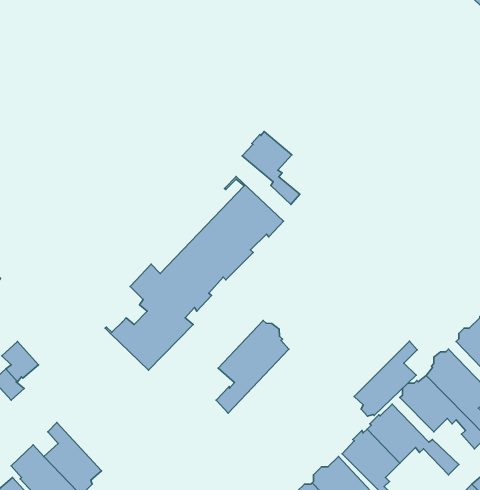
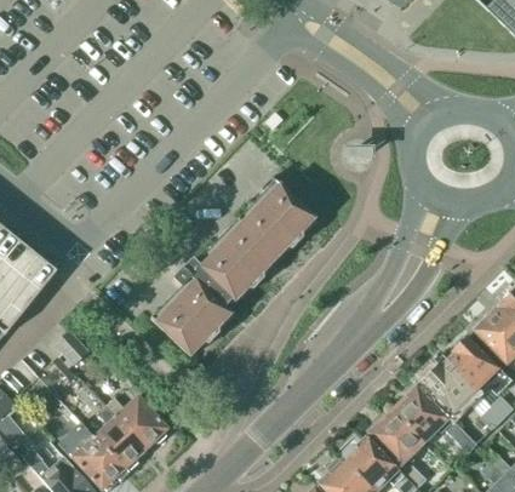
building: [242,132,300,205] -> none
building: [216,320,289,413] -> none
building: [354,341,417,416] -> none
building: none -> [105,395,168,448]

